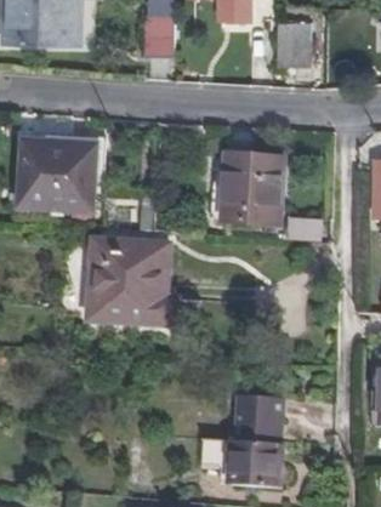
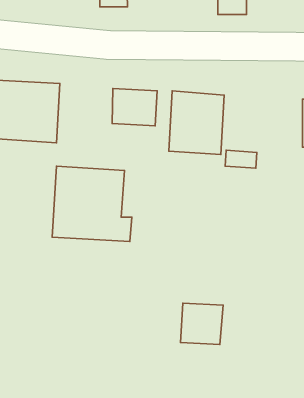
building: none -> [112,88,157,126]
building: [201,440,282,488] -> none

